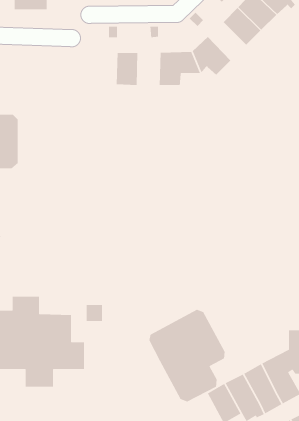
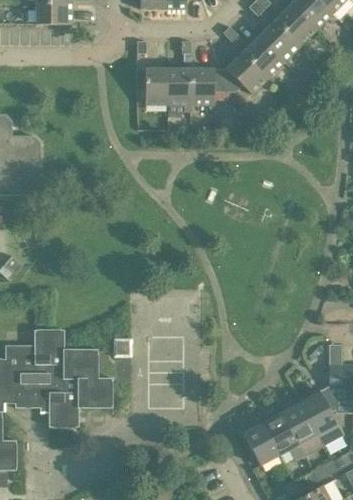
building: none -> [243,36,284,77]
building: none -> [168,68,192,111]
building: [149,309,226,402] -> none

